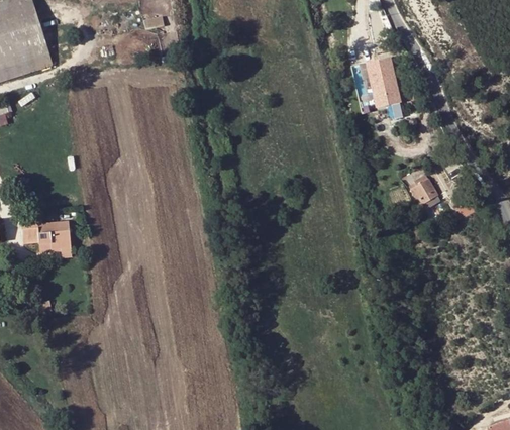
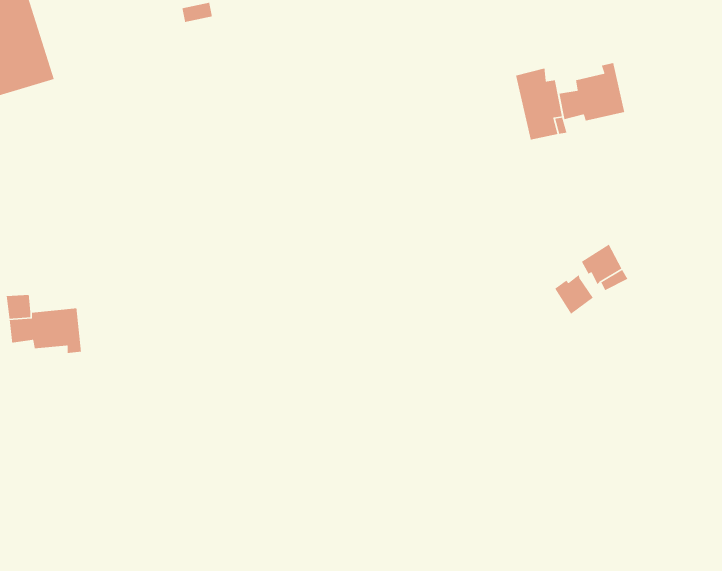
building: none -> [558,62,625,122]
building: none -> [554,274,594,315]

